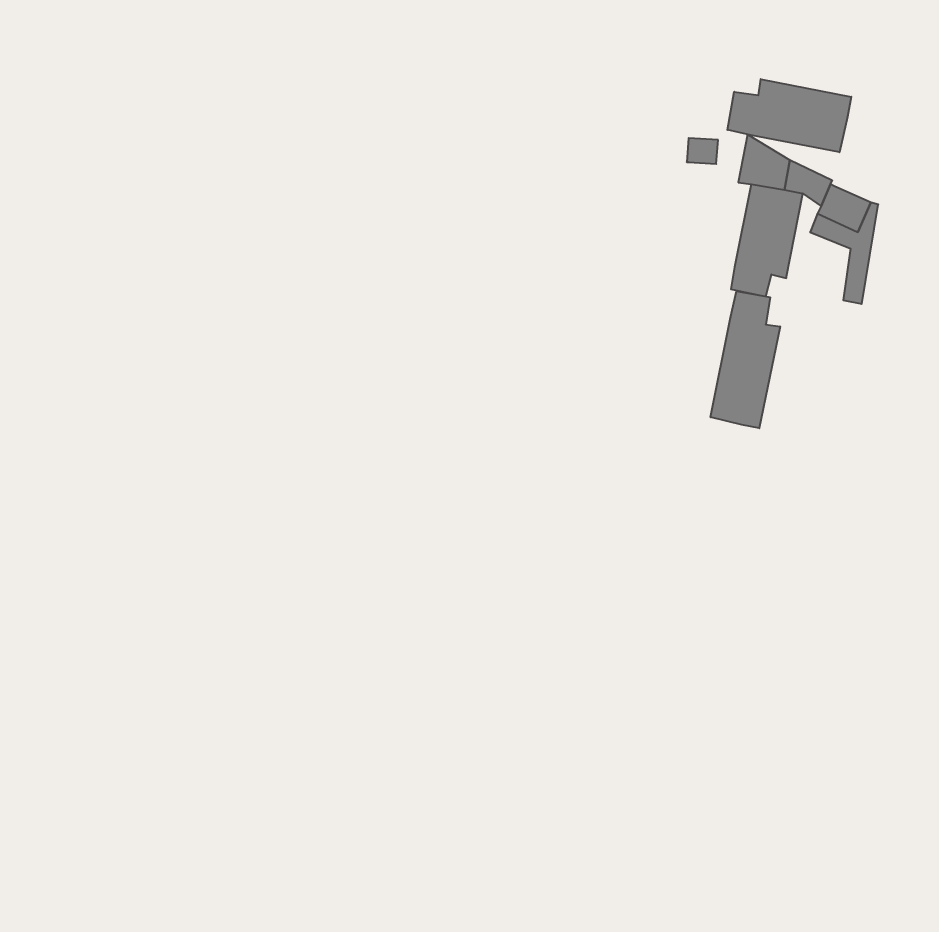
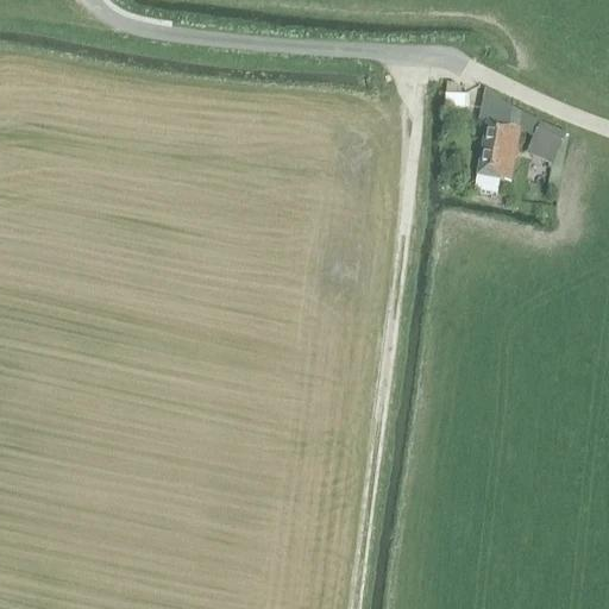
building: [727,79,851,152] -> none
building: [711,291,780,428] -> none

